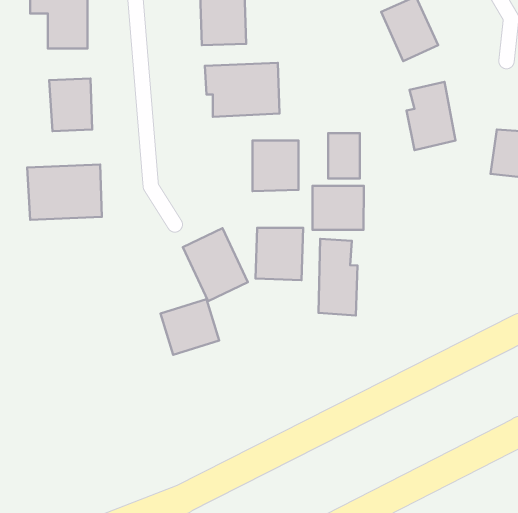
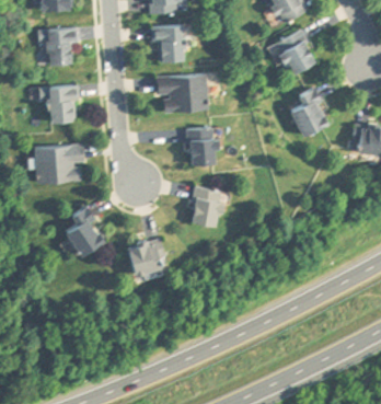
building: [328,133,360,178] -> none
building: [312,186,364,230] -> none
building: [183,228,248,301] -> [61,206,106,256]
building: [318,239,357,316] -> none

